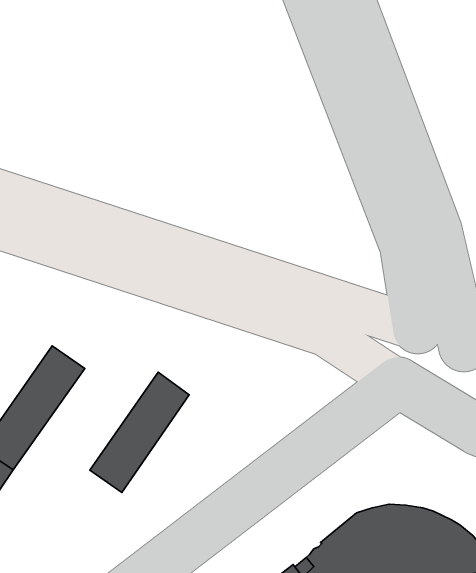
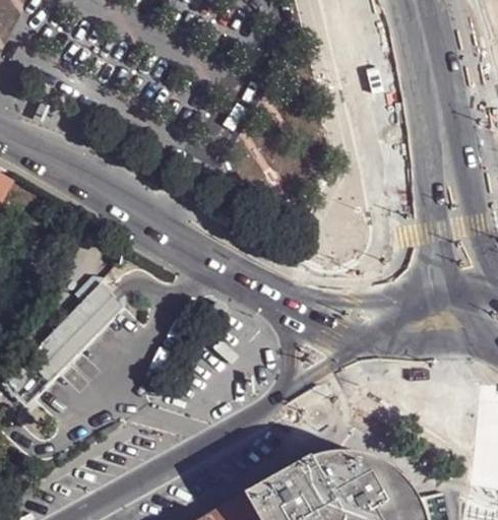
building: [90,372,189,492] -> none

